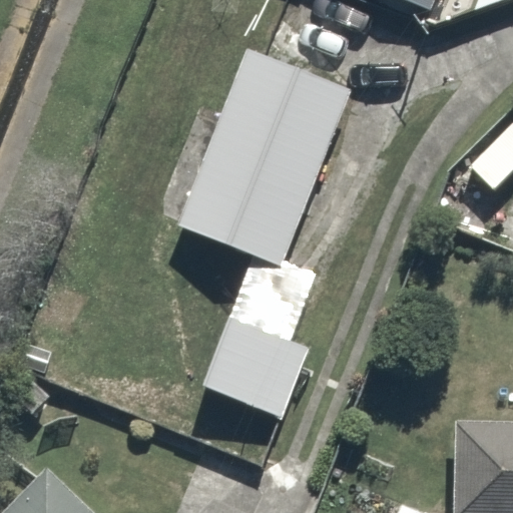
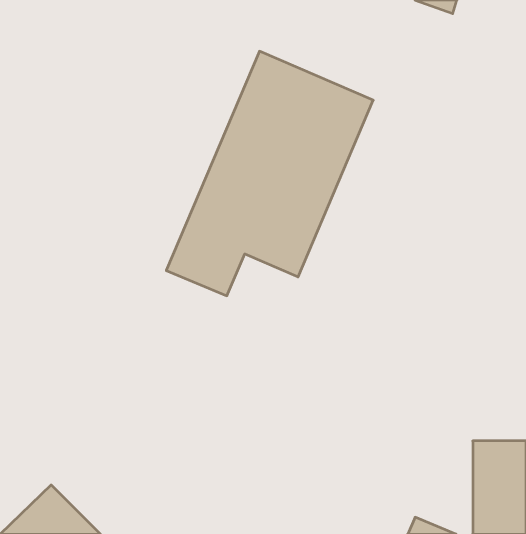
building: [203,318,308,421] -> none

